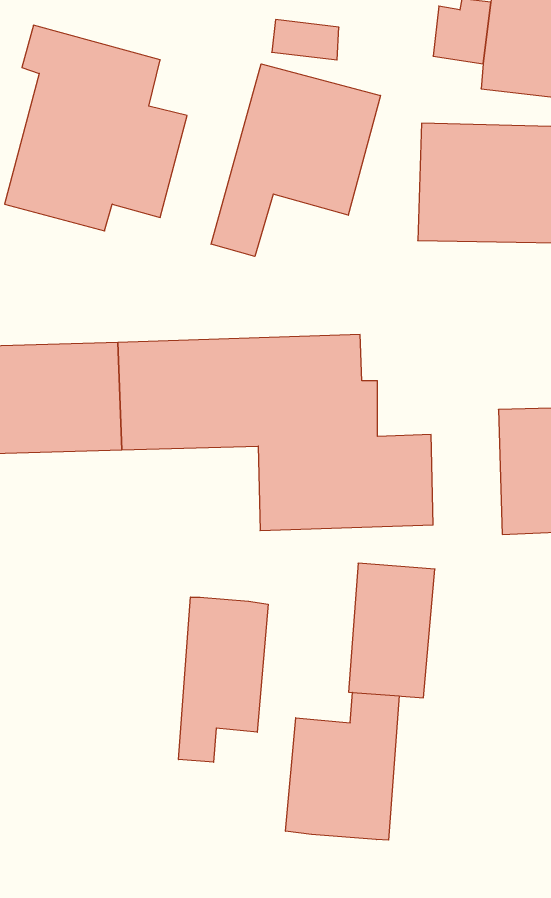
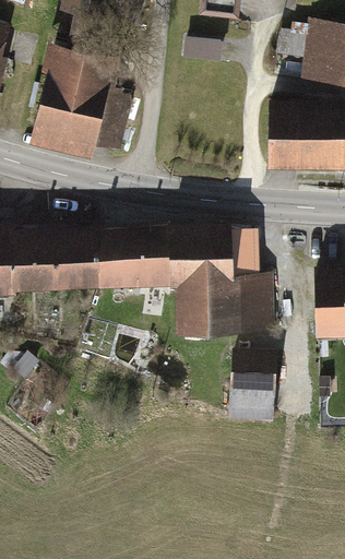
building: [211,64,380,256] -> none
building: [179,597,268,762] -> none
building: [286,692,399,840] -> none

